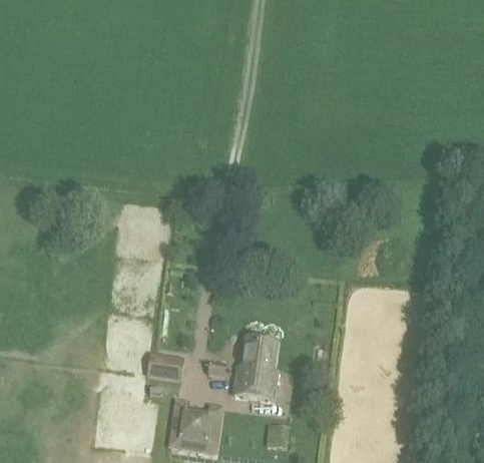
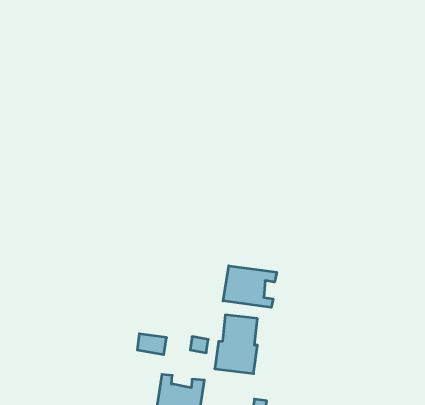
building: none -> [223,266,277,307]

